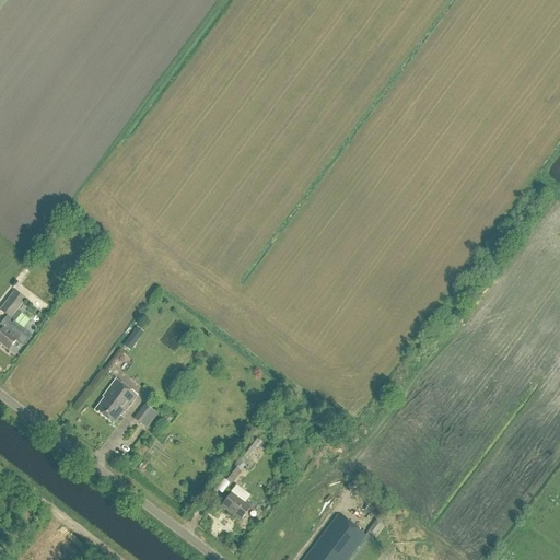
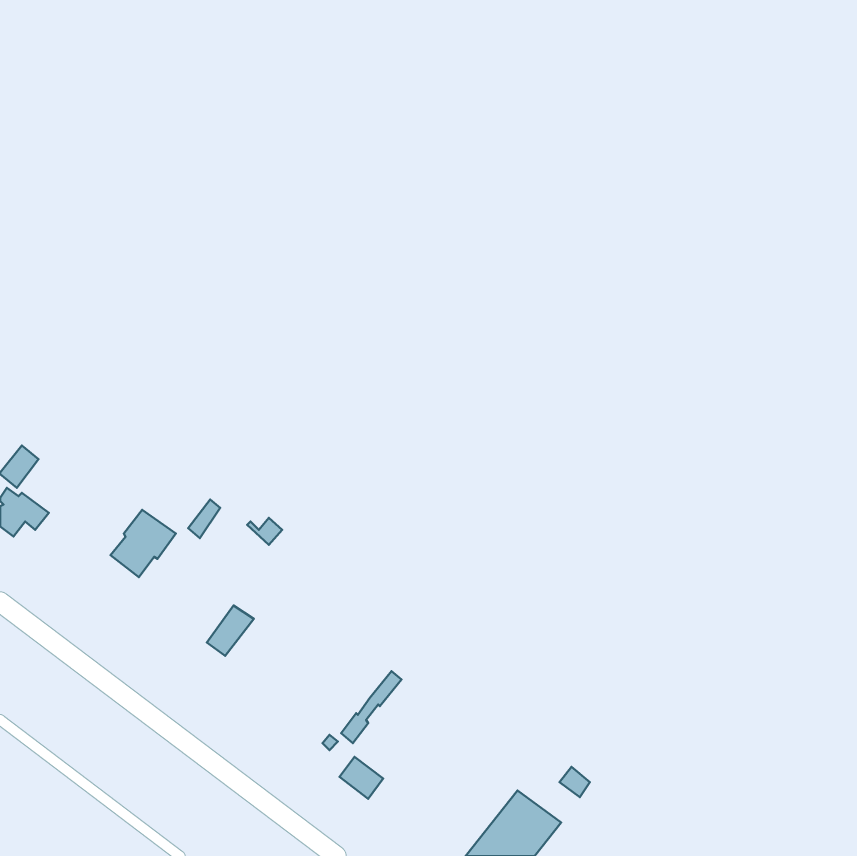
building: [95,380,138,423] -> [110,510,176,577]

